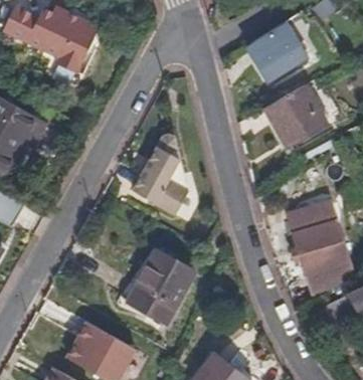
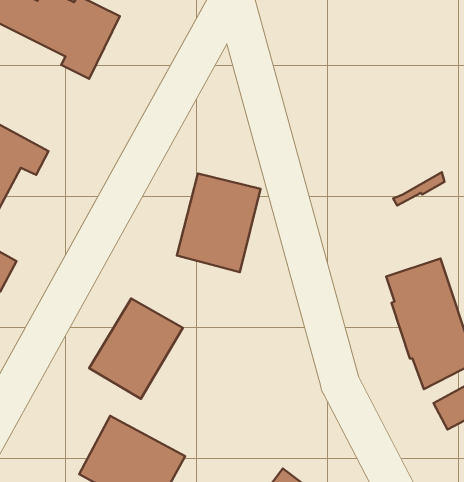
building: [250,21,307,81] -> none
building: [264,84,328,148] -> none
building: [128,250,195,323] -> [89,299,183,399]

